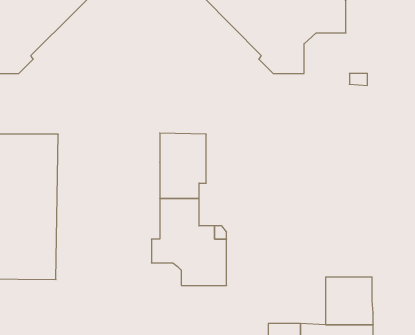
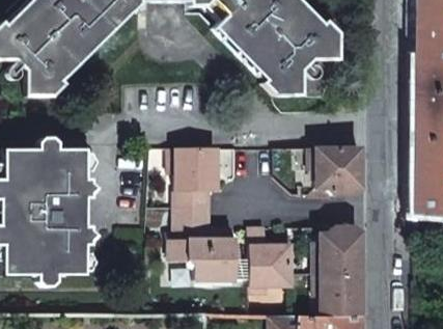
building: none -> [312,149,363,195]
building: none -> [252,227,293,292]
building: none -> [323,227,363,274]

